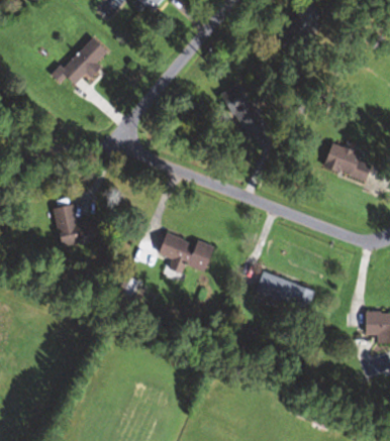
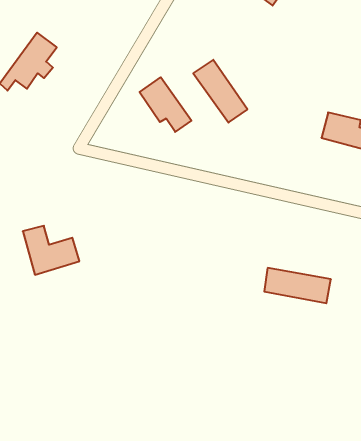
building: none -> [140,77,191,132]
building: [157,230,215,273] -> none

